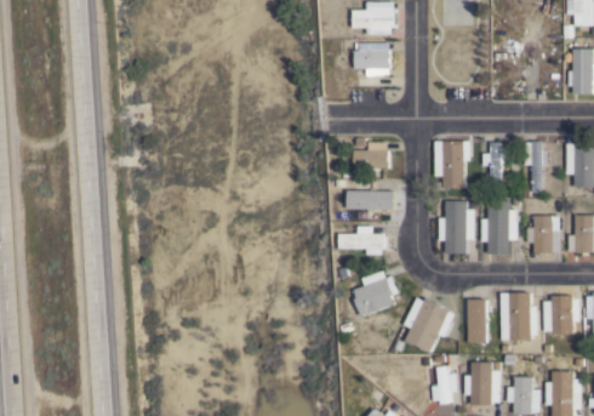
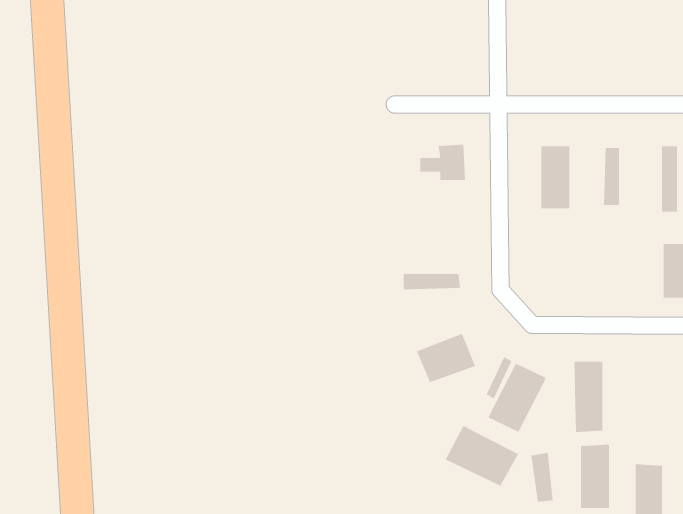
building: [352,50,392,70] -> none
building: [344,192,392,215] -> none
building: [444,203,466,249] -> none
building: [486,205,508,251] -> none
building: [508,294,530,341] -> none
building: none -> [445,425,519,487]

